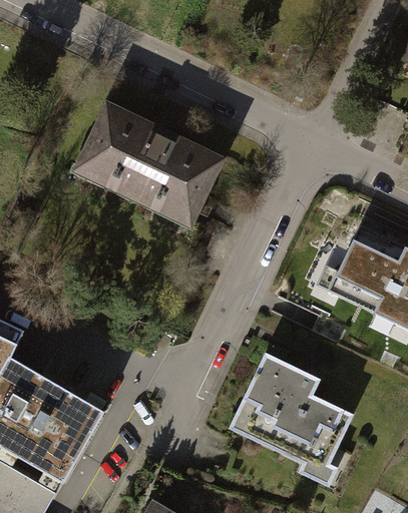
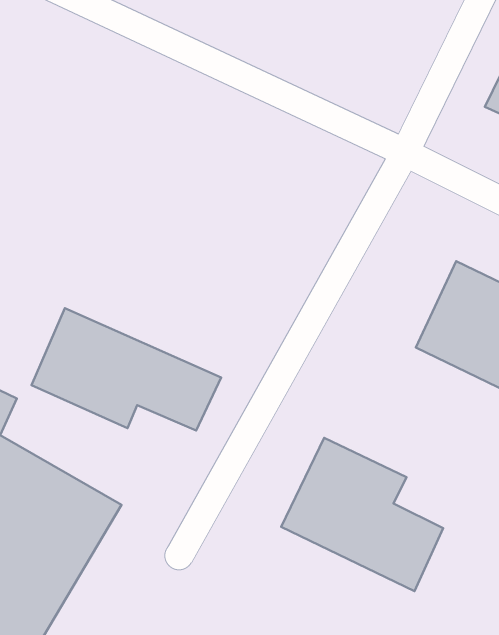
building: [82,109,233,231] -> none
building: none -> [31,308,221,431]

